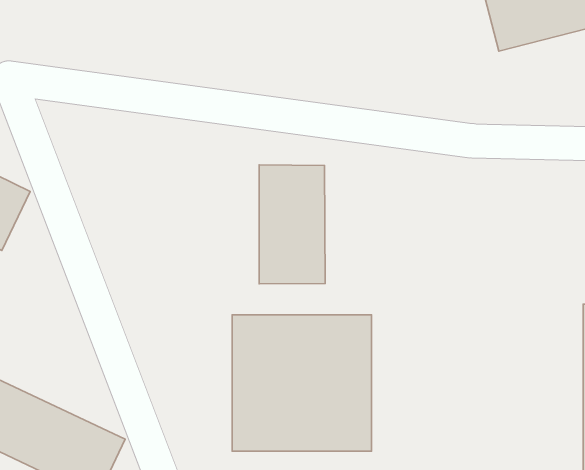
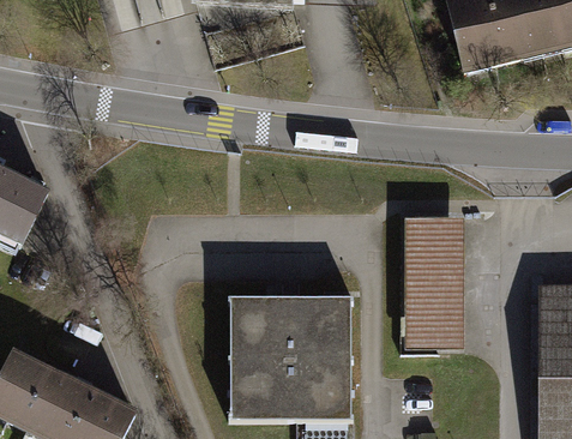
building: [259,165,325,284] -> none
building: none -> [404,217,464,349]

